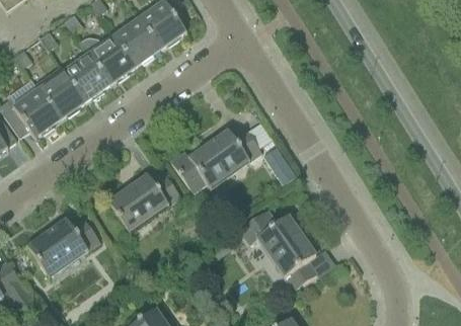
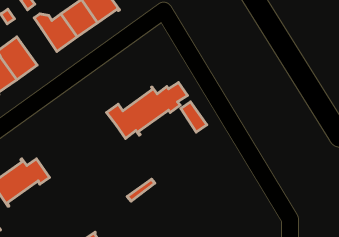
building: [64,56,108,101] -> none
building: [106,172,180,232] -> none
building: [239,209,316,289] -> none

